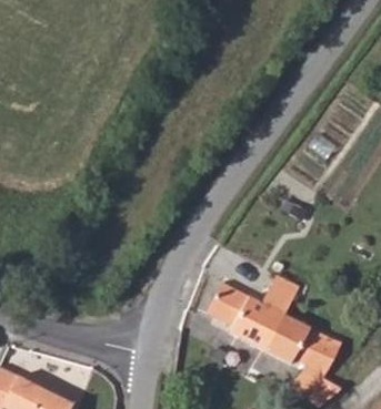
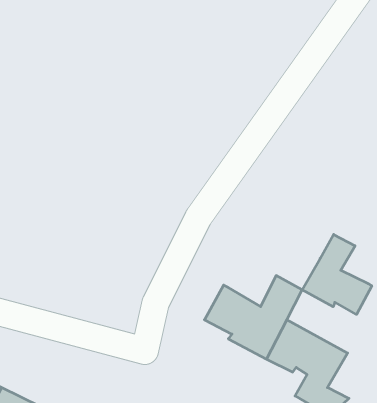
building: none -> [302,234,372,314]

